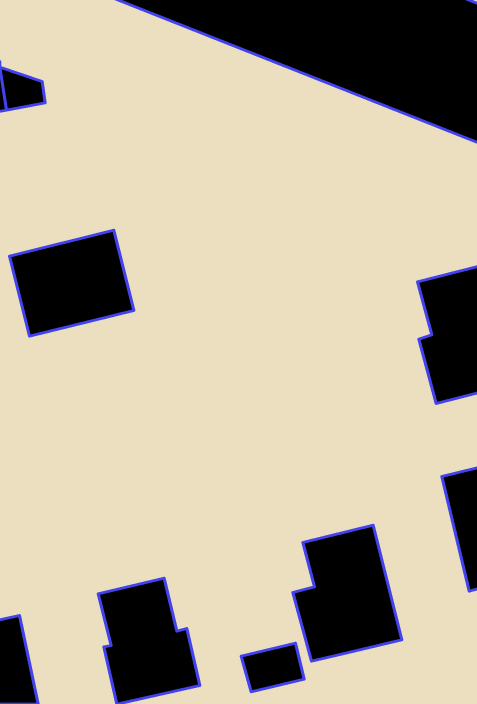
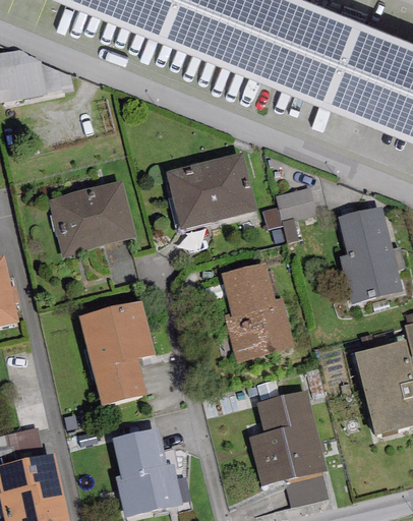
building: none -> [165,154,255,230]
building: none -> [264,188,321,232]
building: none -> [220,263,293,361]
building: none -> [78,301,155,406]
building: [241,643,304,692] -> [283,472,328,507]

